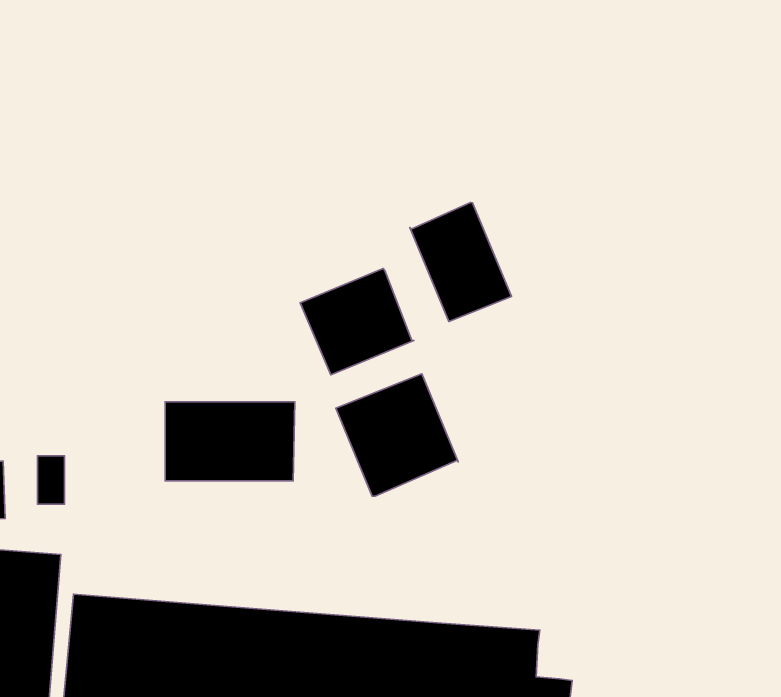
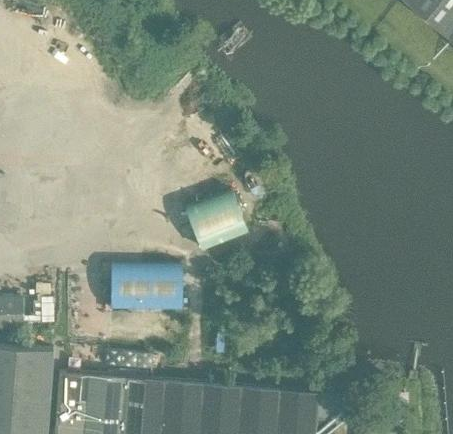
building: [410,202,511,321] -> none
building: [336,374,458,496] -> none

